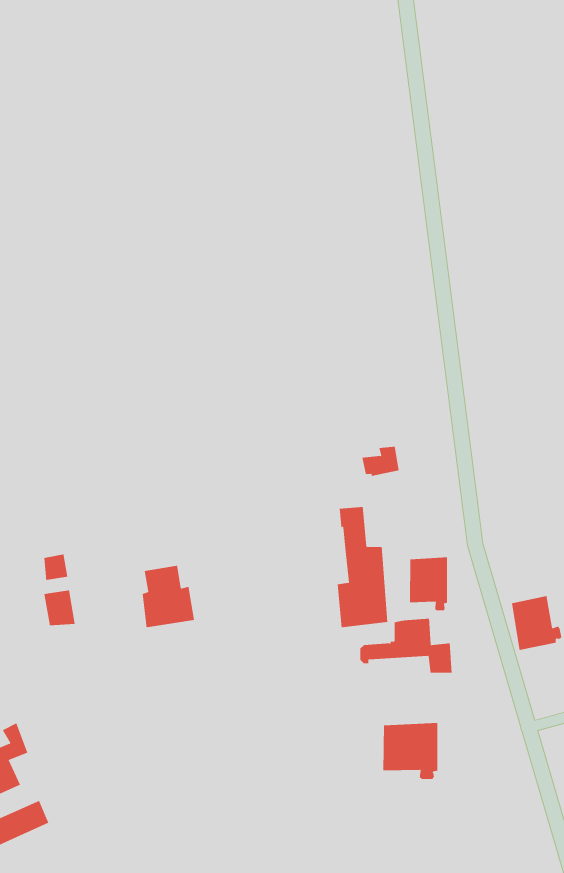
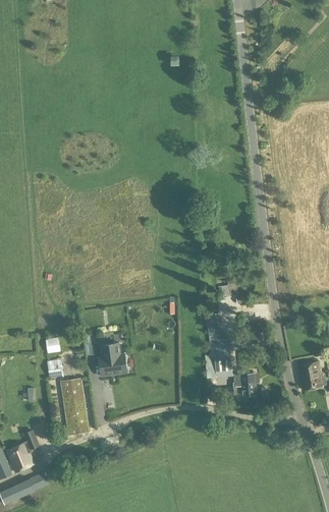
building: [410,556,448,611] -> none
building: none -> [59,377,88,434]
building: [383,722,438,780] -> none

